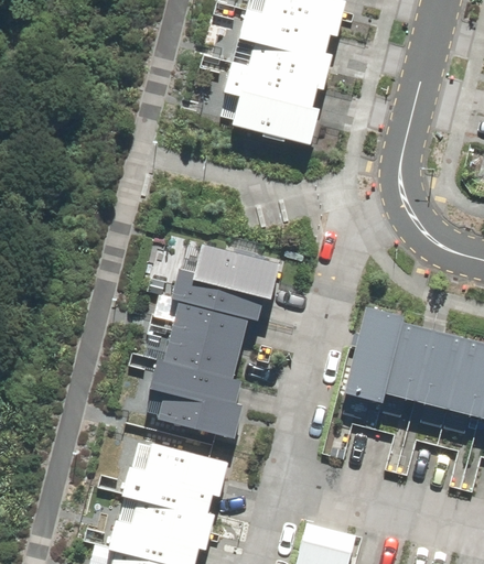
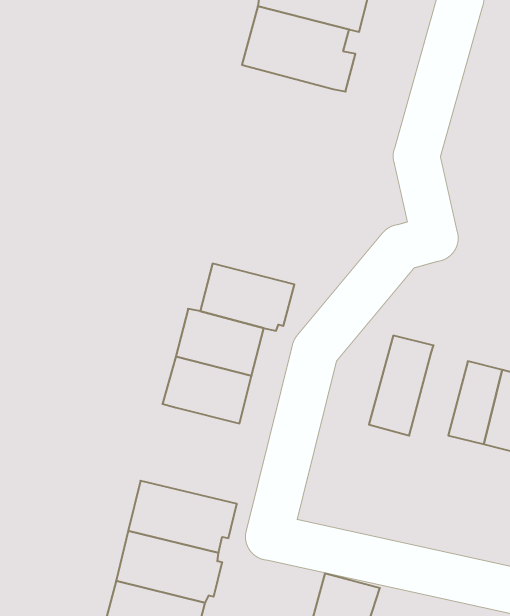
building: [216,65,318,143] -> none
building: [384,325,434,400] -> none
building: [160,375,244,437] -> none

